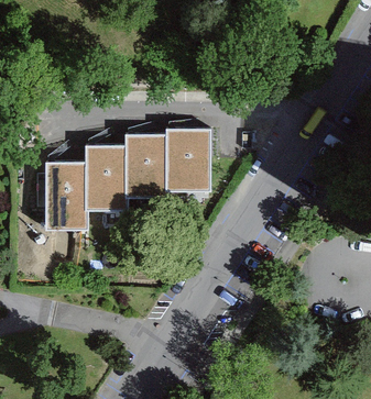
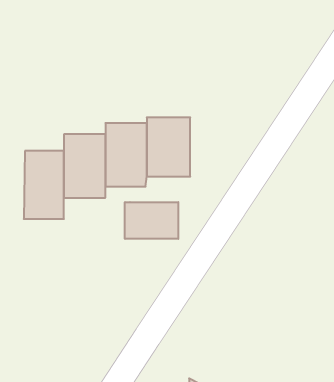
building: none -> [125,202,178,239]

